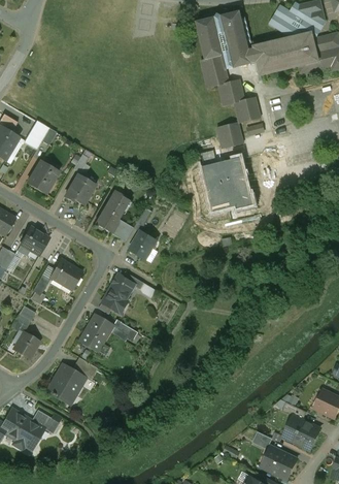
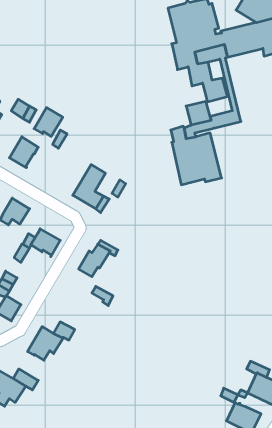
building: [63,174,94,205] -> [34,108,63,136]
building: [128,231,156,260] -> none
building: [77,315,111,351] -> none

